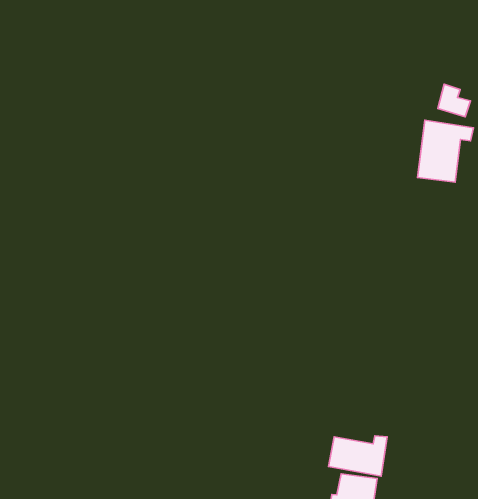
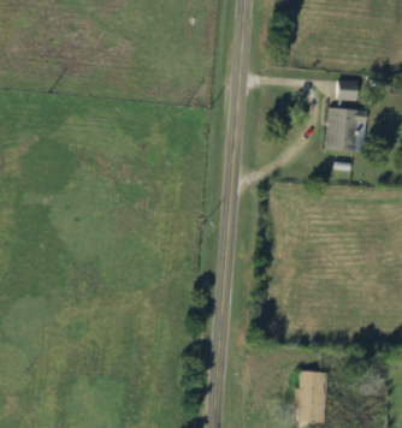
building: [329,436,387,476] -> none

